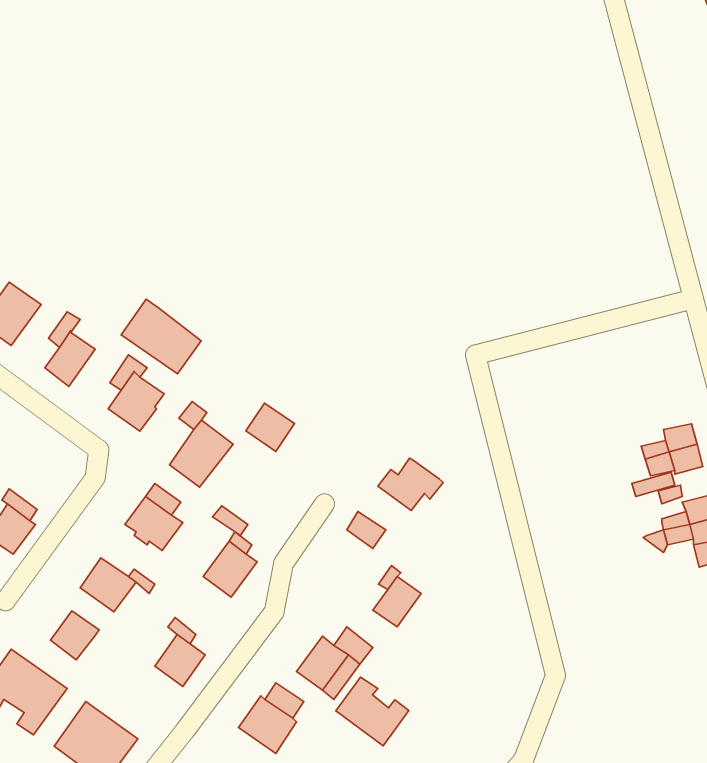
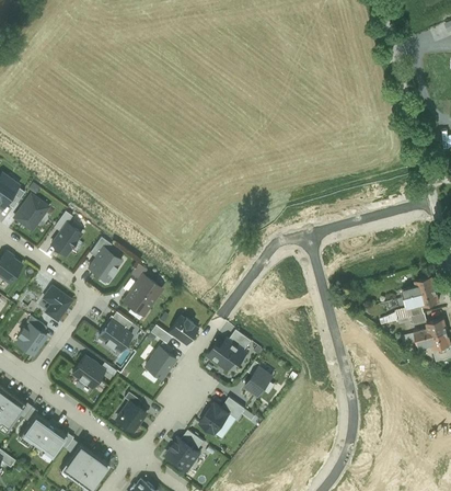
building: [121,299,201,374] -> none
building: [246,403,294,451] -> [169,317,197,345]
building: none -> [43,287,71,322]
building: [378,458,443,510] -> [208,340,246,370]
building: [50,611,99,660] -> none
building: [336,677,409,746] -> none

